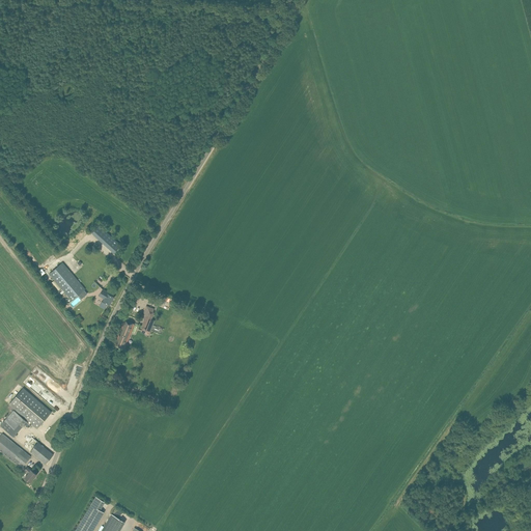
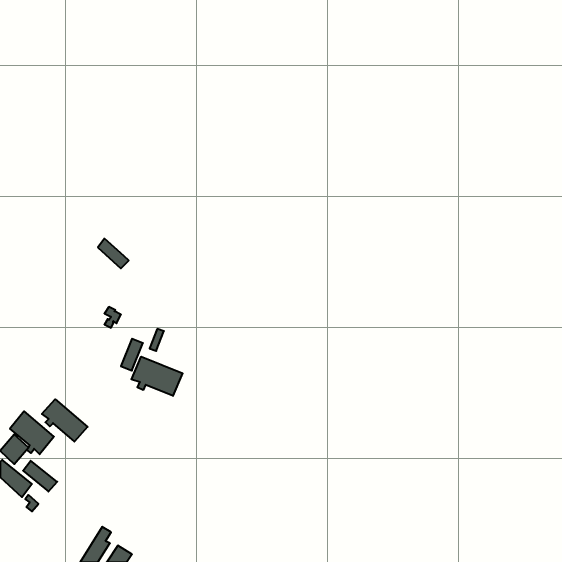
building: [49,262,85,301] -> none
building: none -> [131,357,183,396]
building: none -> [42,399,88,442]

